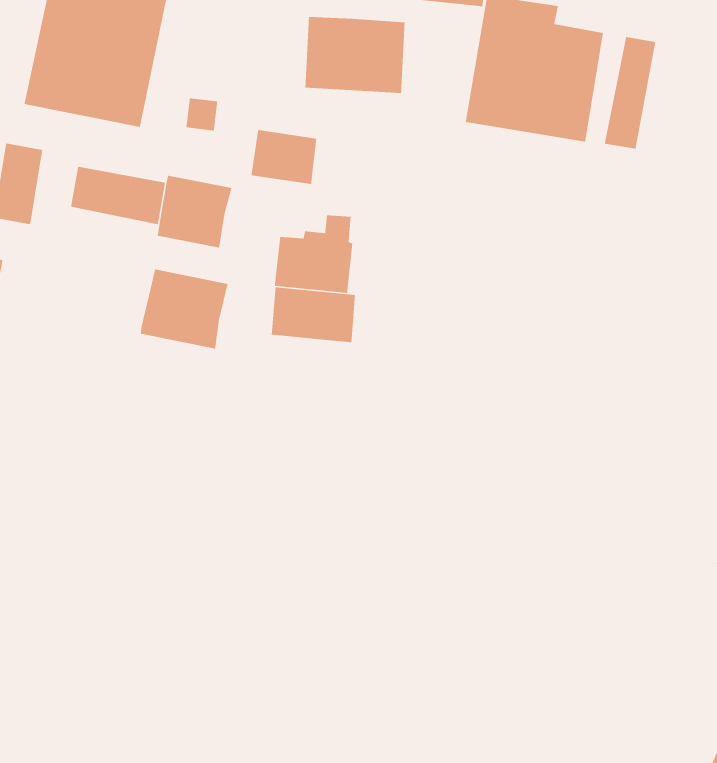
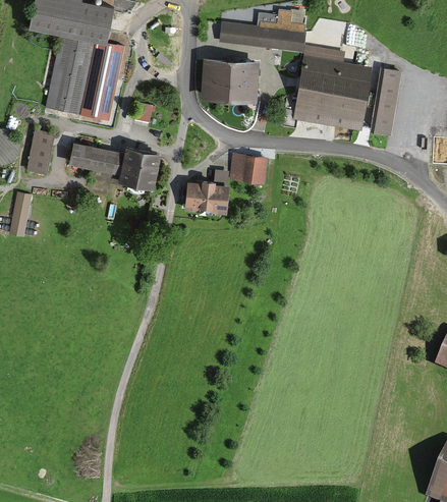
building: [250,129,317,185] -> [229,153,267,184]
building: [140,269,229,350] -> none
building: [271,287,356,343] -> none

